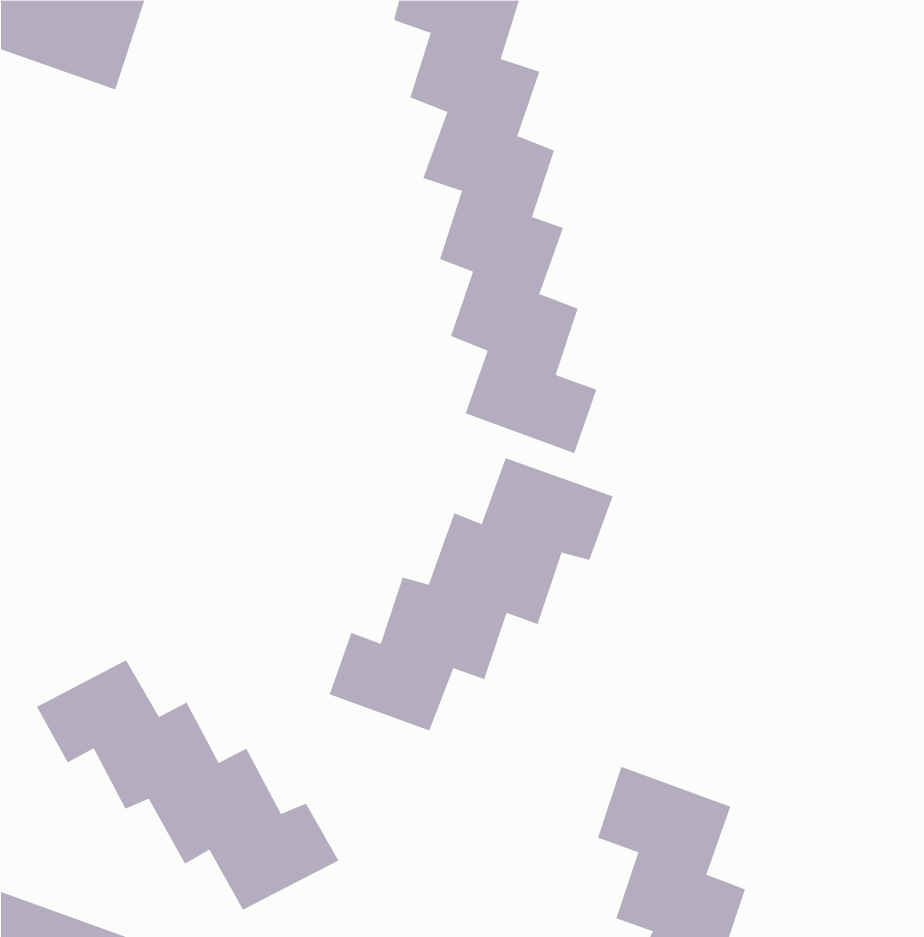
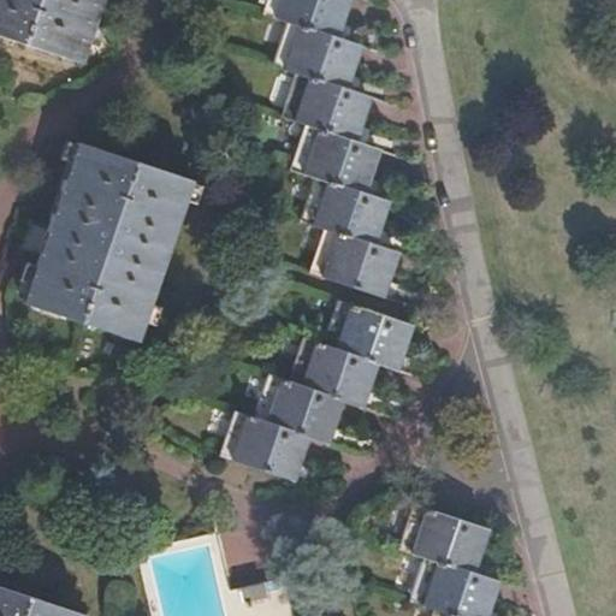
building: none -> [29,142,196,344]
building: [36,660,339,911] -> none

